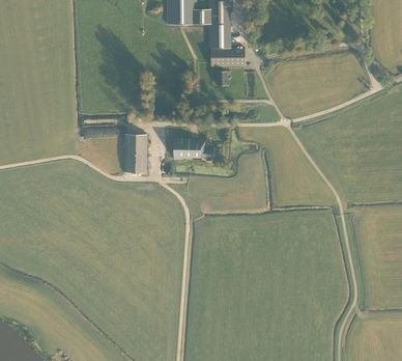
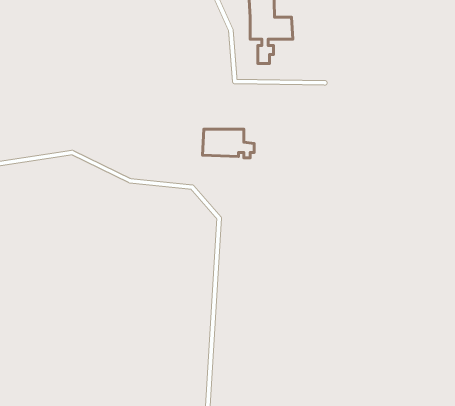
building: [124,133,147,171] -> none

